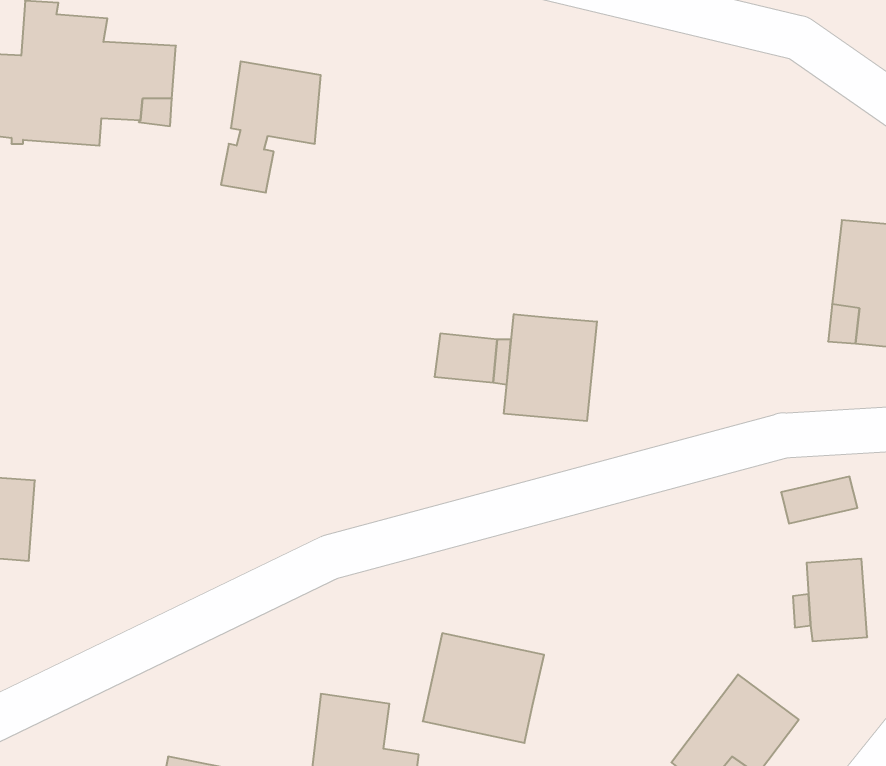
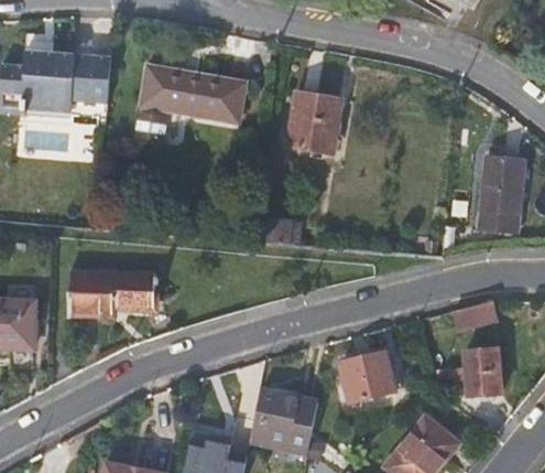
building: none -> [188,75,246,122]
building: none -> [285,93,335,151]
building: [504,314,597,421] -> none
building: none -> [66,275,155,319]
building: none -> [338,351,393,400]

